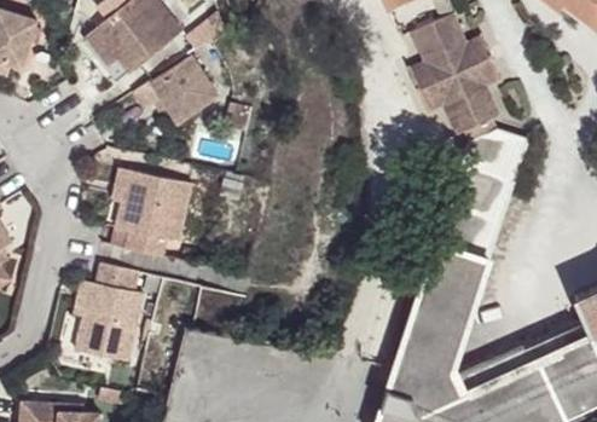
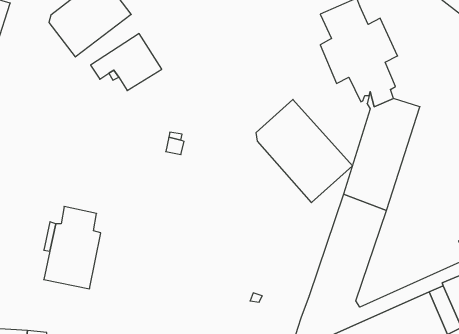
building: none -> [256,99,352,203]
building: [118,167,195,254] -> none

